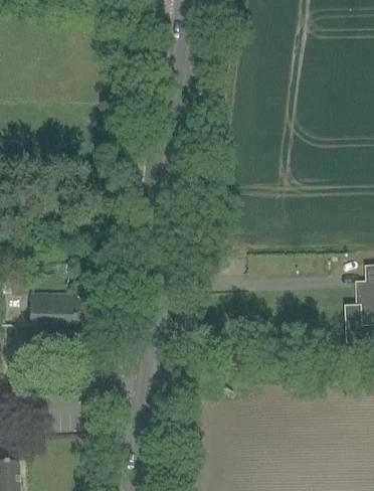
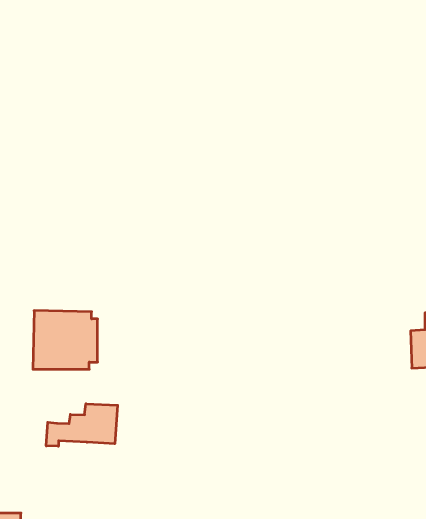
building: none -> [46,404,118,446]

